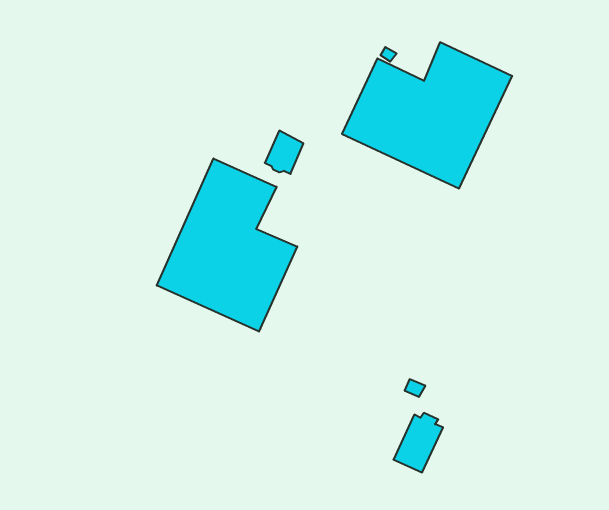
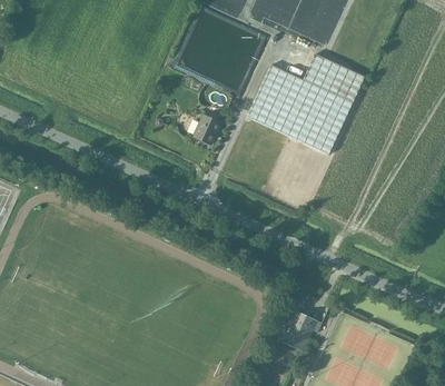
building: [157,158,297,332] -> none

